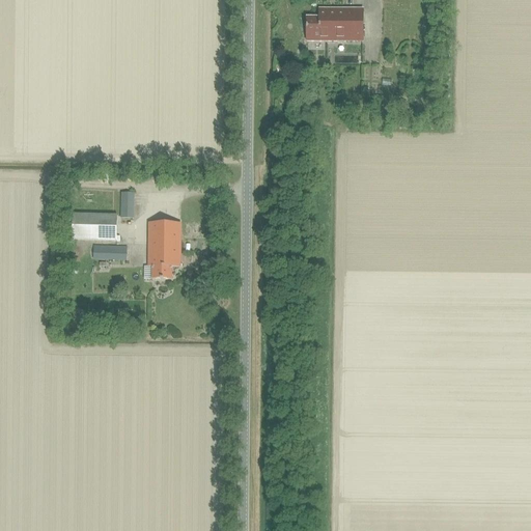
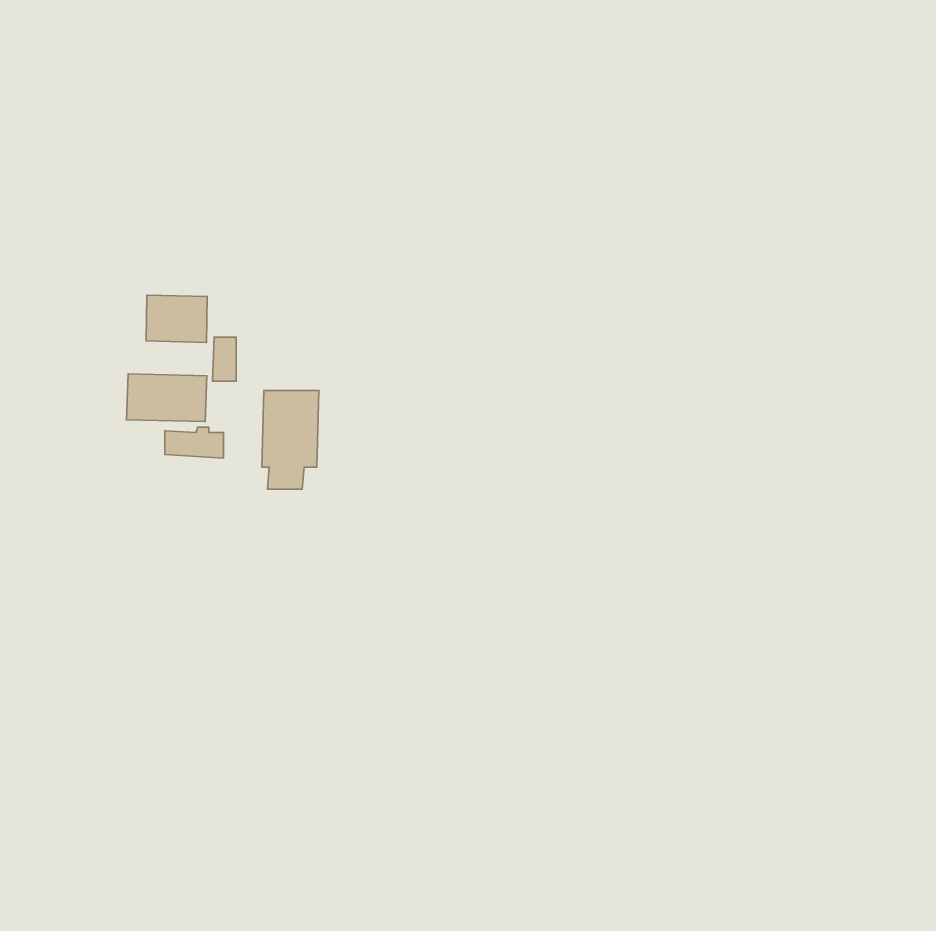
building: [307,7,363,39] -> none
building: none -> [146,295,207,342]

